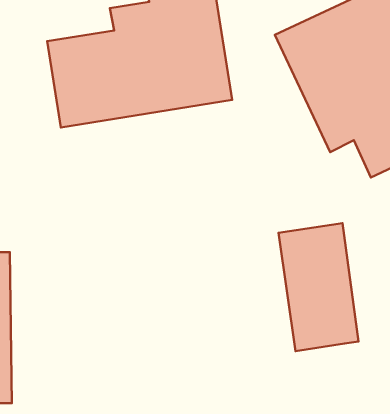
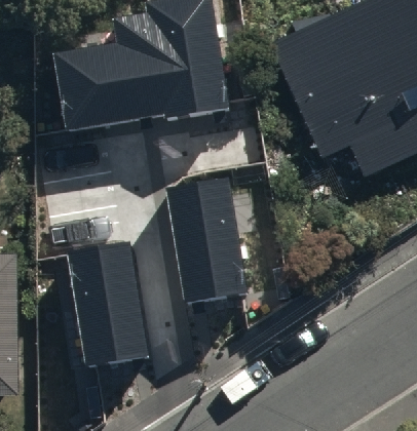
building: [279,223,358,351] -> [166,177,243,300]
building: none -> [69,241,149,365]

